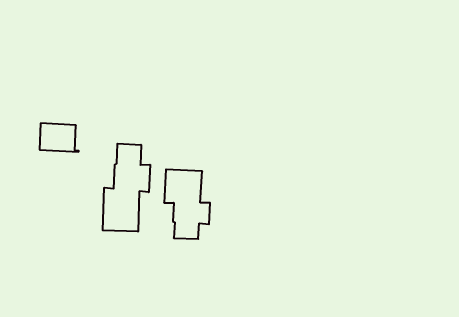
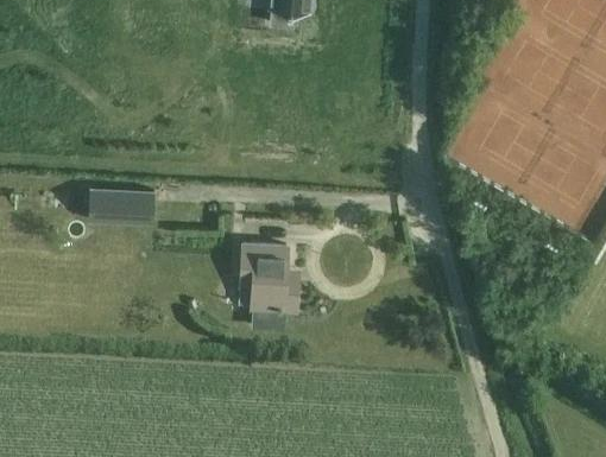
building: [103,144,150,232] -> none

